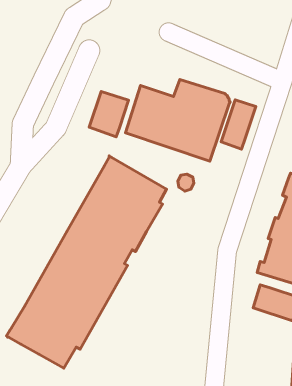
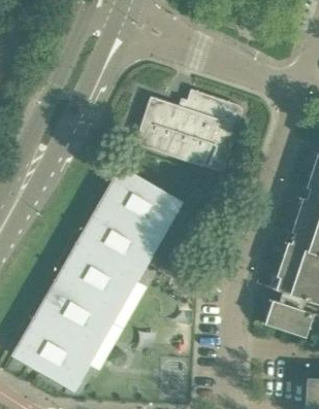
building: [89,91,129,137] -> none
building: [221,100,256,149] -> none

